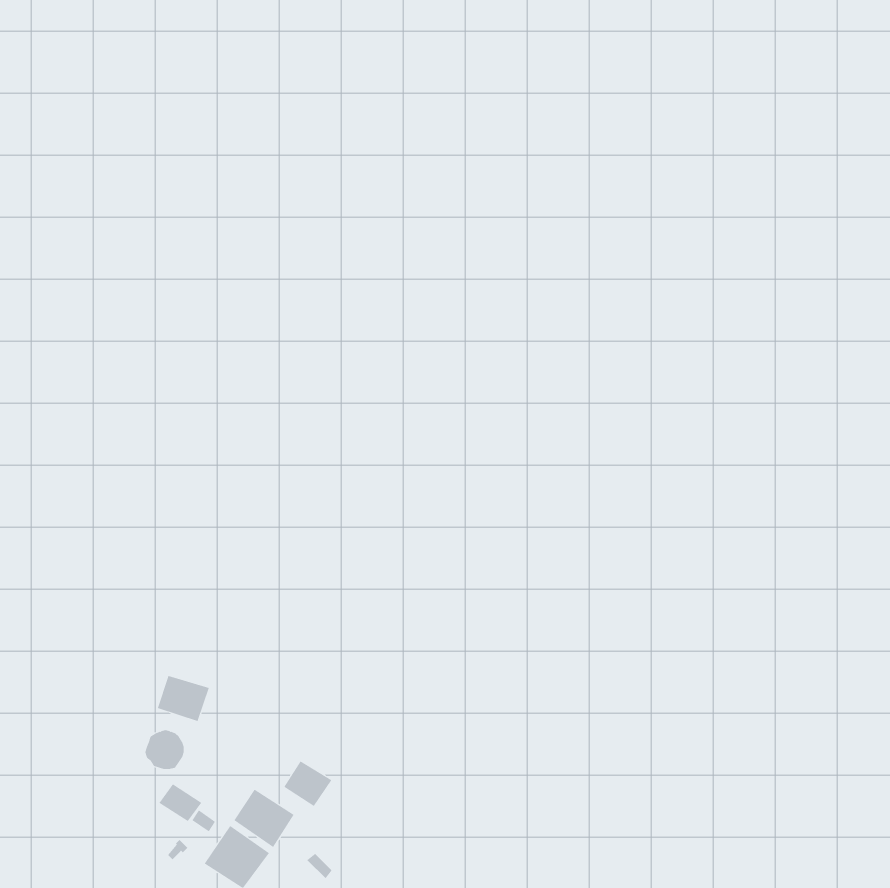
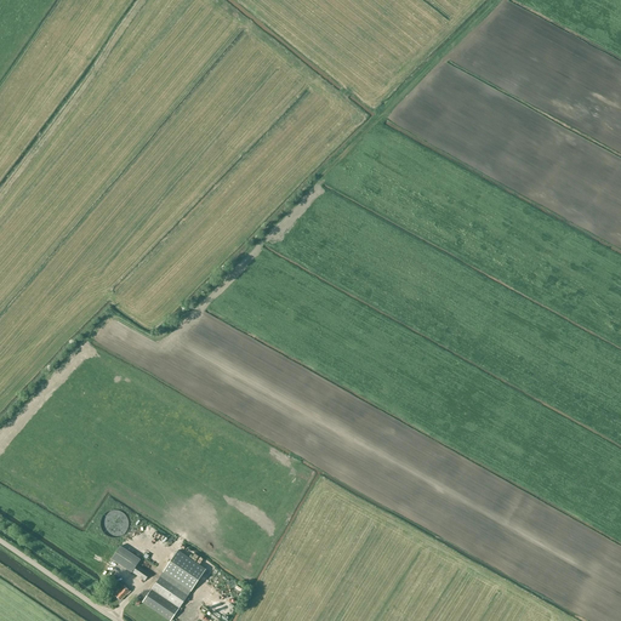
building: [157,675,210,722] -> none
building: [284,761,332,807] -> none

